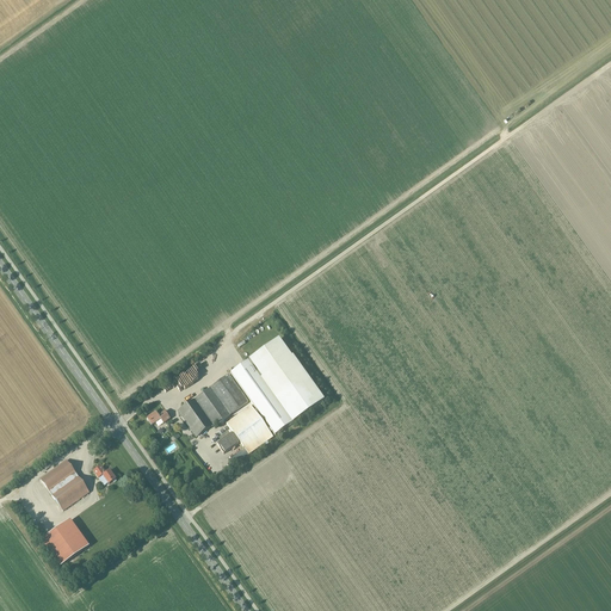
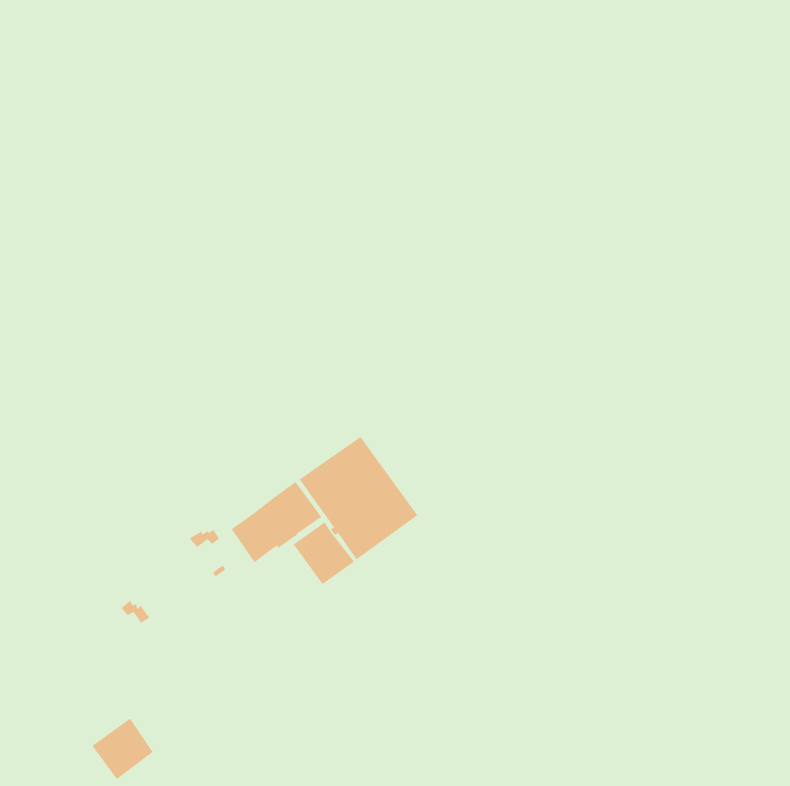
building: [41,458,90,508] -> none
building: [42,517,90,564] -> [92,718,154,780]

